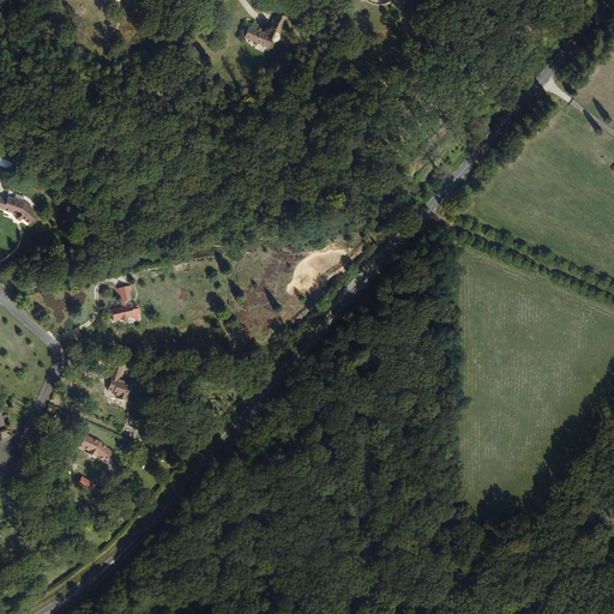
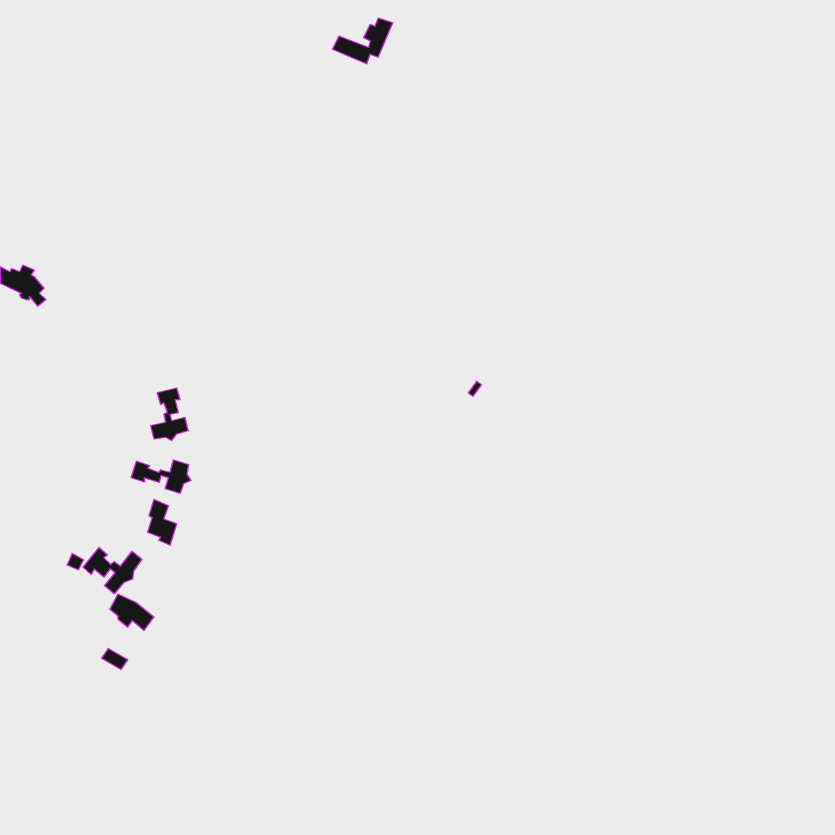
building: none -> [131,460,191,493]
building: none -> [83,547,142,594]

